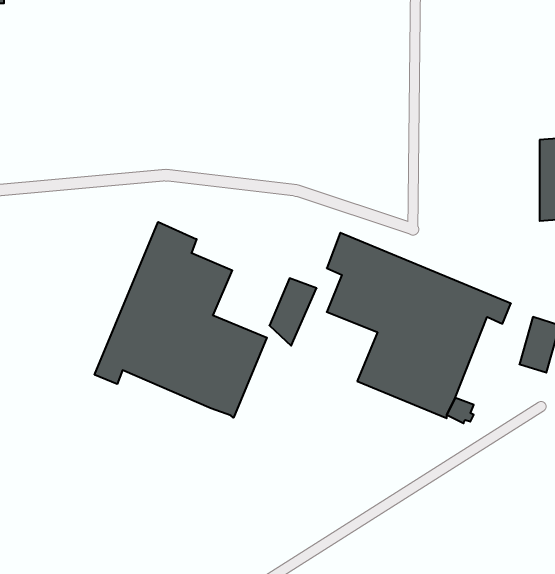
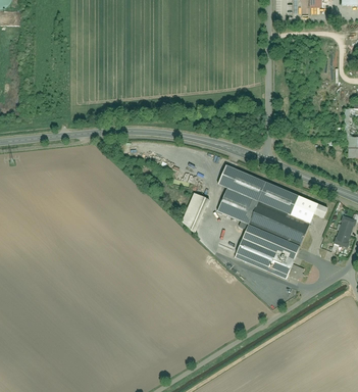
building: [95,222,267,418] -> none

